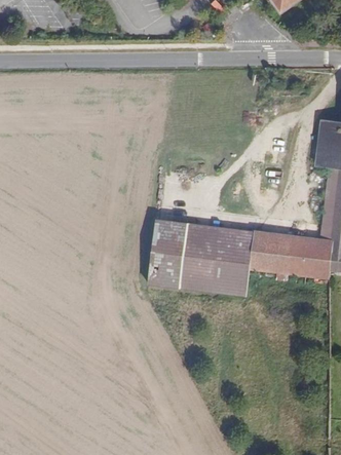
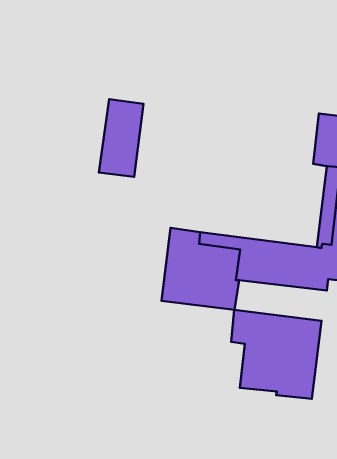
building: [149,219,189,289] -> [99,99,143,177]
building: none -> [231,310,321,399]

